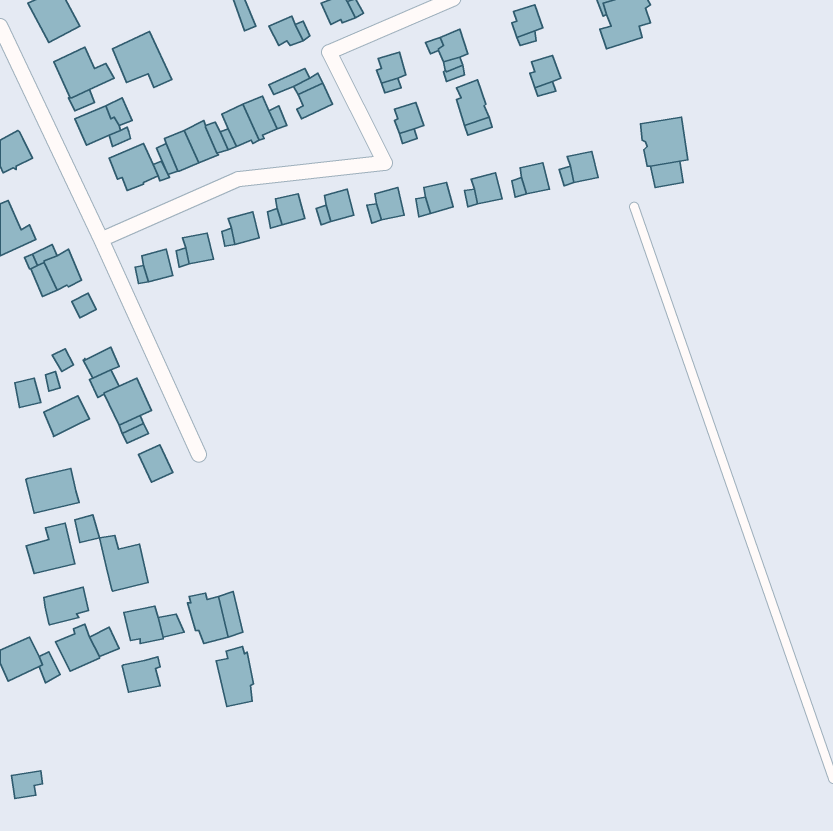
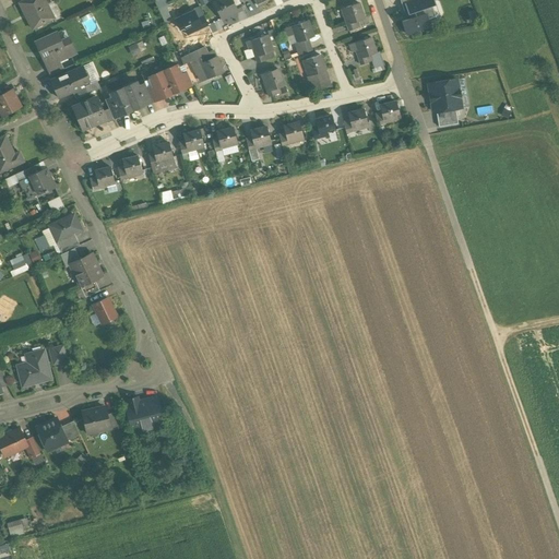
building: [112,32,172,88] -> none
building: [44,396,89,437] -> [50,214,81,241]
building: [26,469,79,513] -> none
building: [99,535,148,591] -> none
building: [44,587,89,625] -> none
building: [216,647,253,706] -> none
building: [122,657,160,692] -> none

